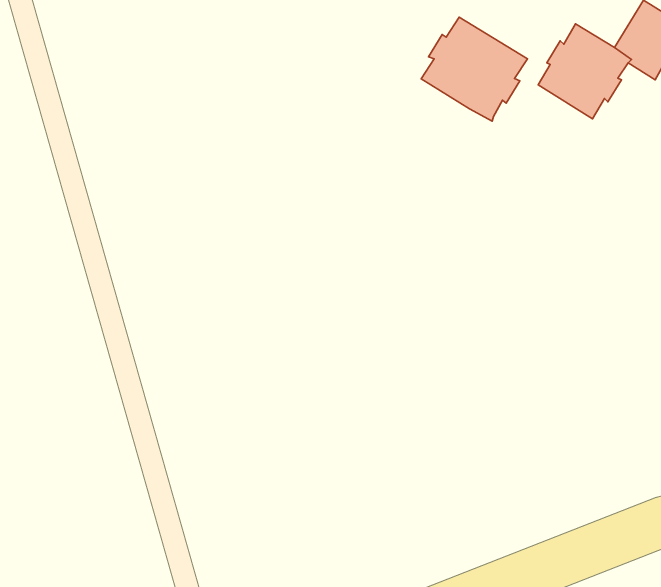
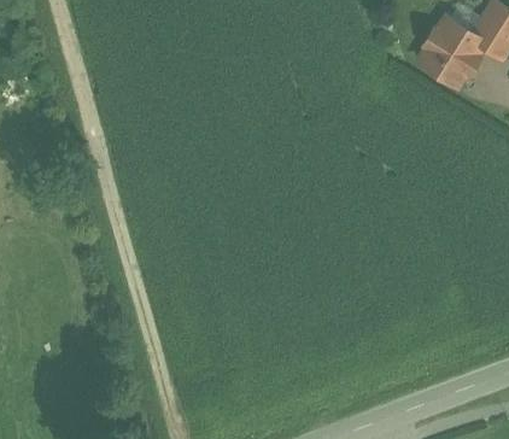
building: [421,17,527,121] -> none

